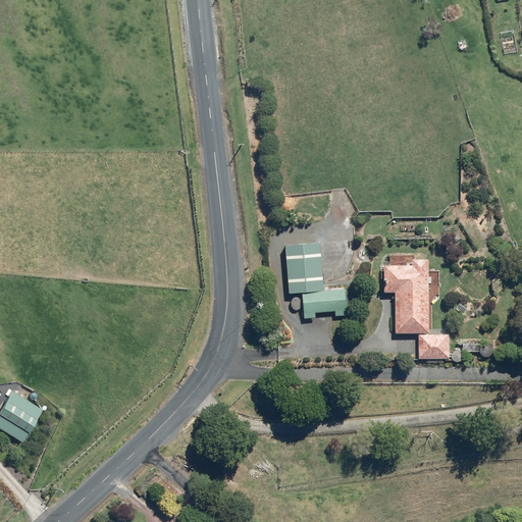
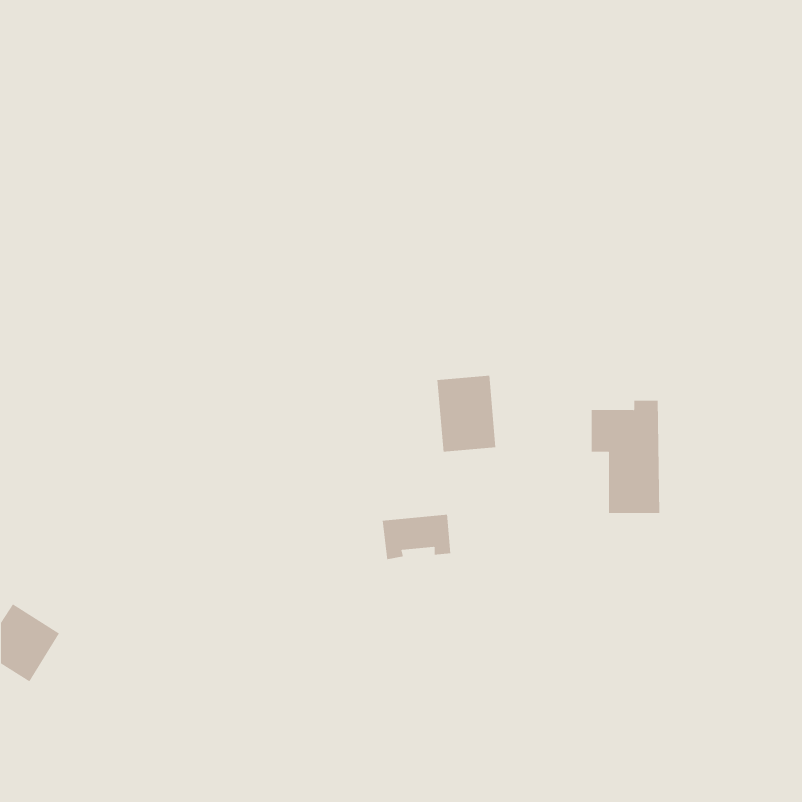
building: [302,289,347,318] -> [382,514,451,560]
building: [419,333,450,358] -> none

